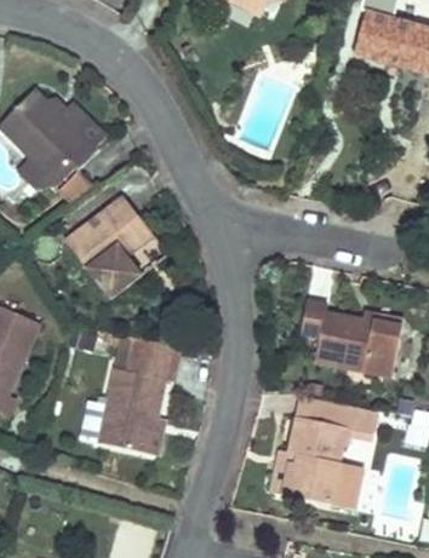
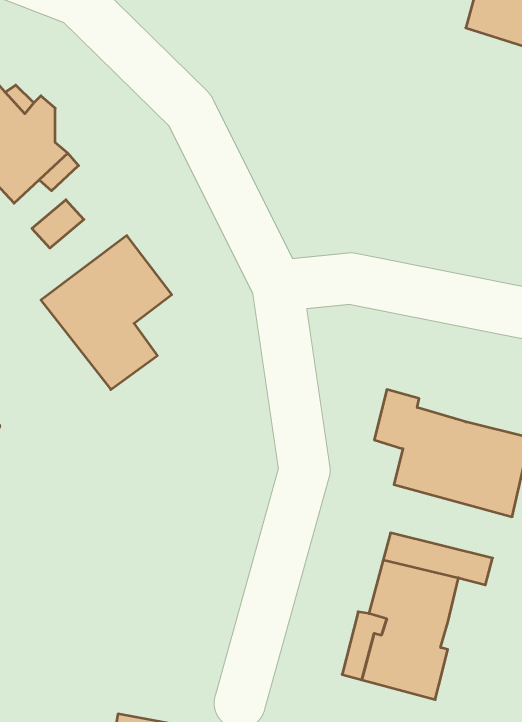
building: [80,338,179,456] -> none
building: [334,455,368,504] -> none

